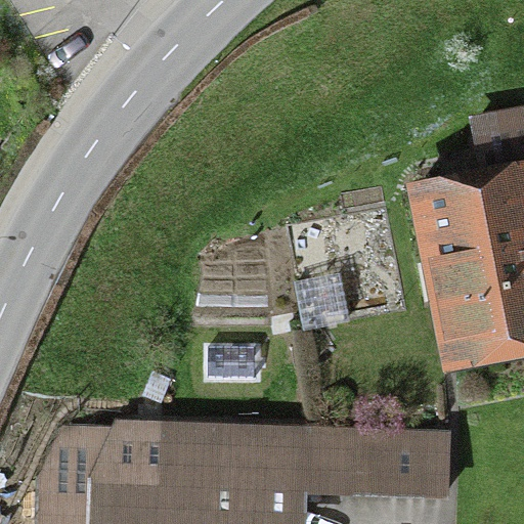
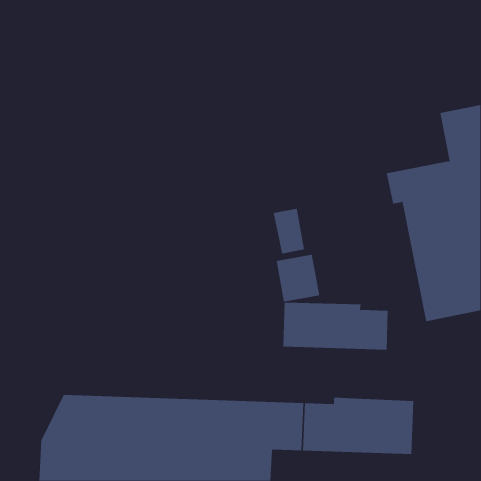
building: none -> [283,302,388,351]

